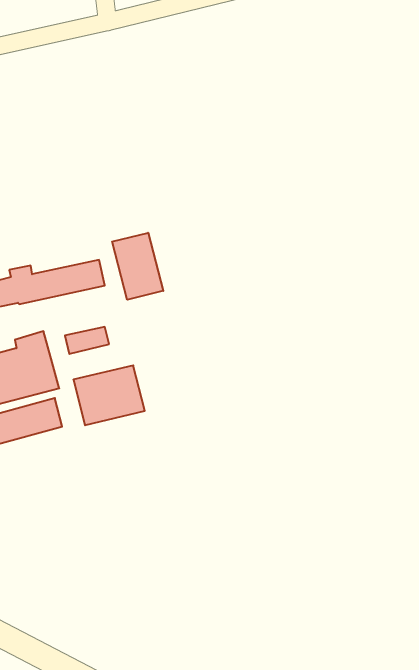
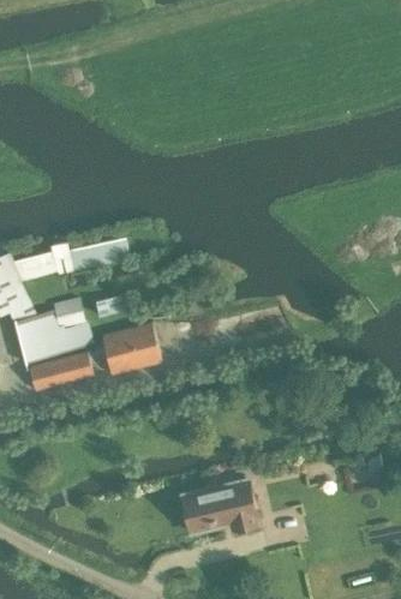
building: [112,233,163,300] -> none
building: none -> [181,478,257,531]

